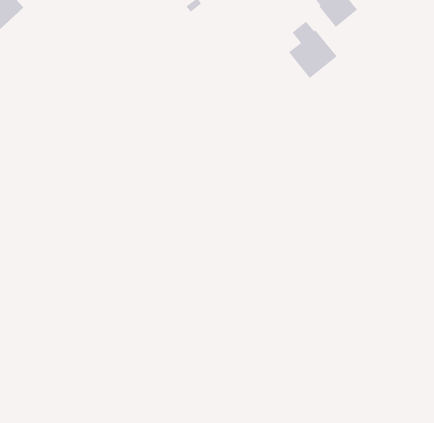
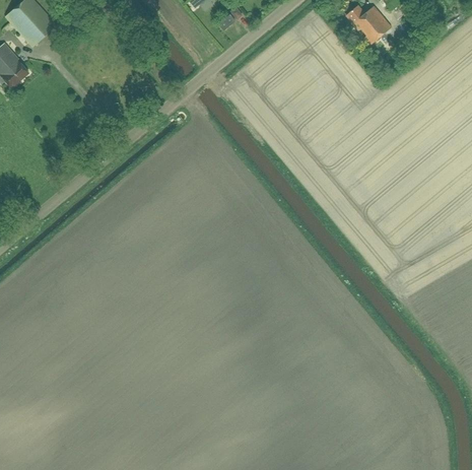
building: [288,21,337,79] -> none

